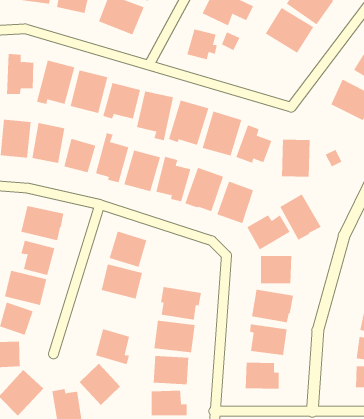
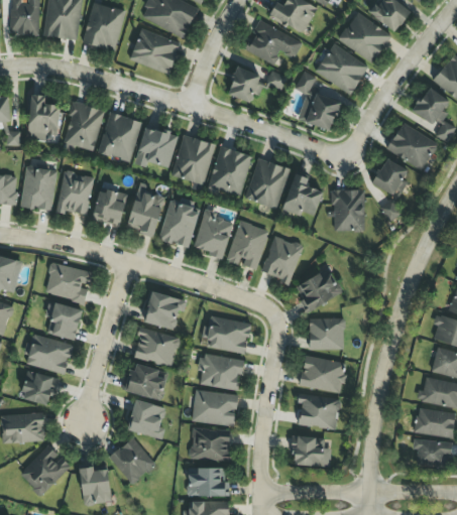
building: none -> [296,71,340,130]
building: none -> [371,157,411,197]
building: [279,193,321,240] -> none
building: none -> [202,315,252,353]
building: none -> [124,362,166,399]

